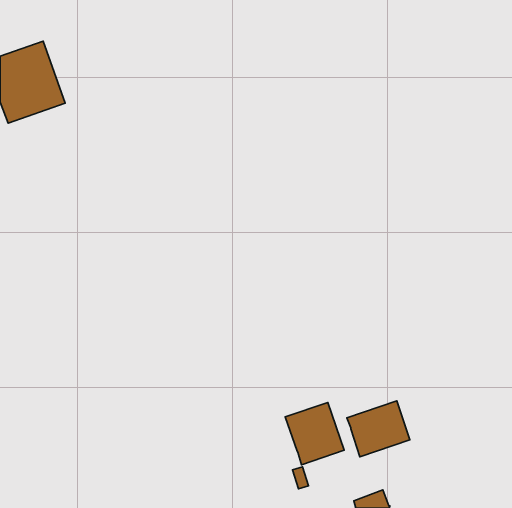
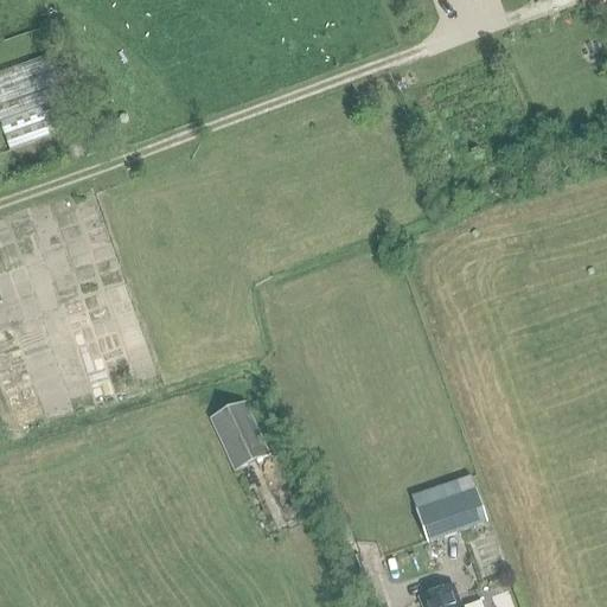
building: none -> [209,400,268,467]
building: [285,402,344,465] -> none

